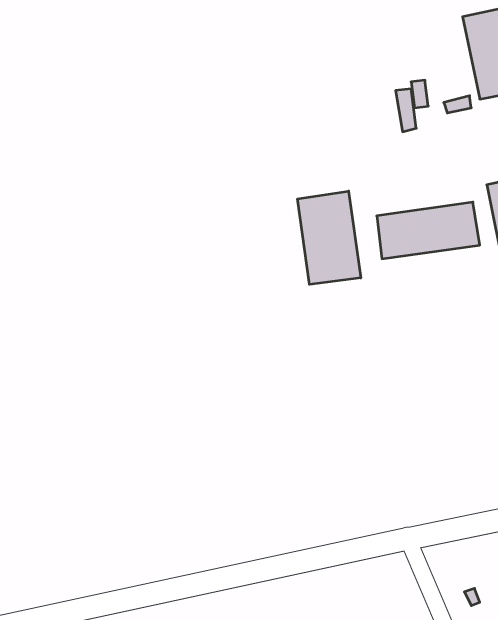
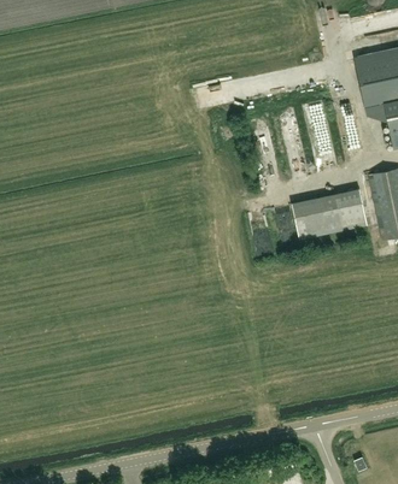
building: [298,191,361,284] -> none

